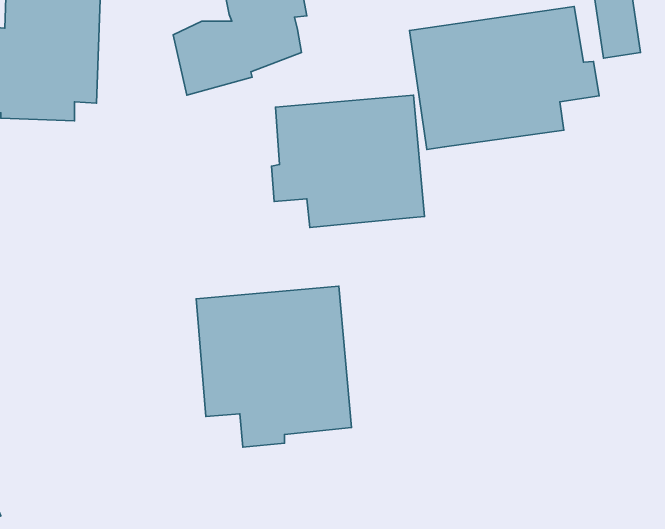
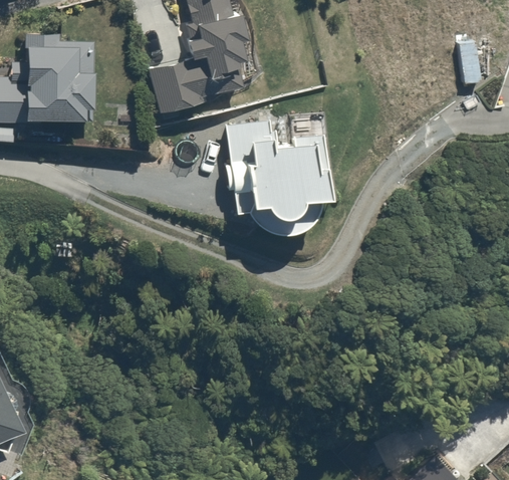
building: [409,6,599,149] -> none
building: [196,286,352,447] -> none

